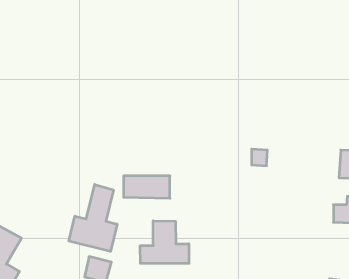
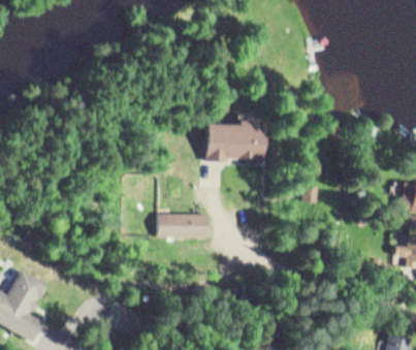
building: none -> [202,123,261,165]
building: [69,184,117,251] -> none
building: [140,221,189,263] -> none

